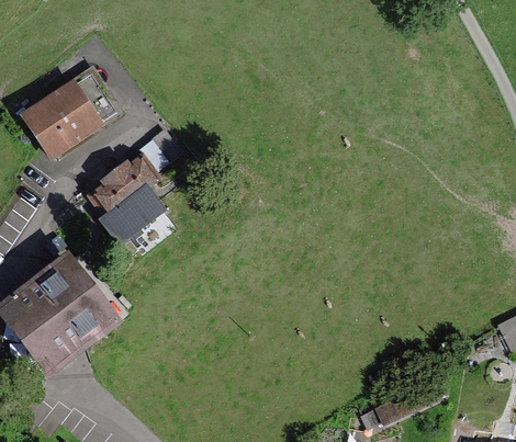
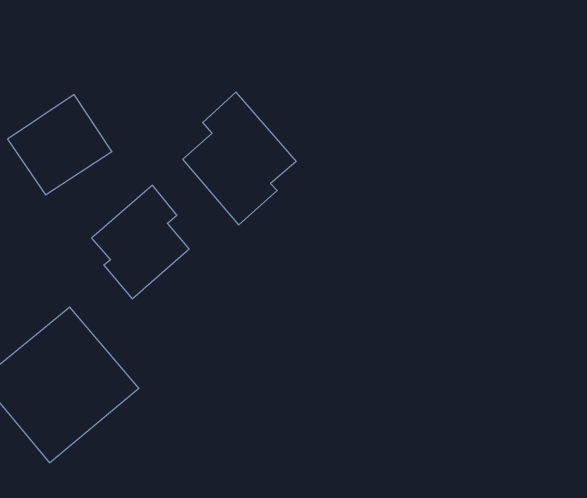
building: none -> [183,92,296,225]

